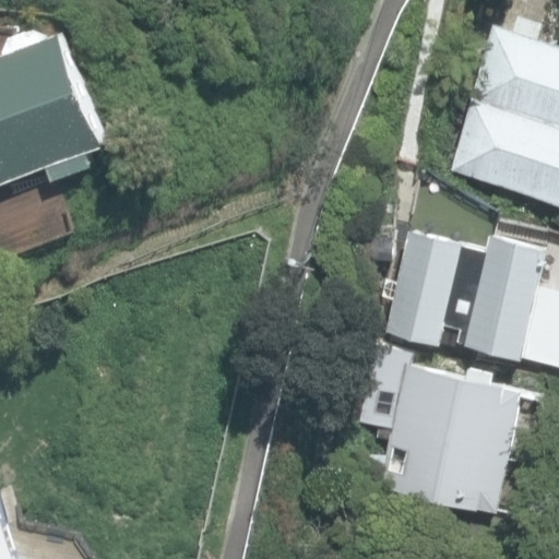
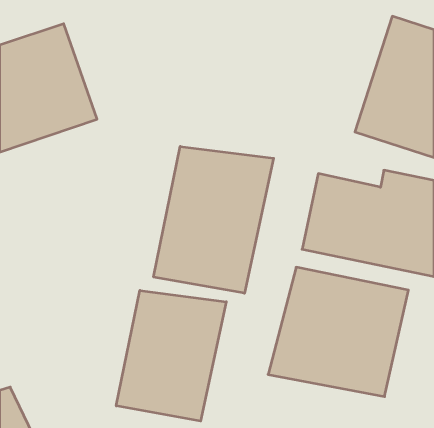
building: none -> [154,146,274,293]
building: none -> [116,290,226,421]

